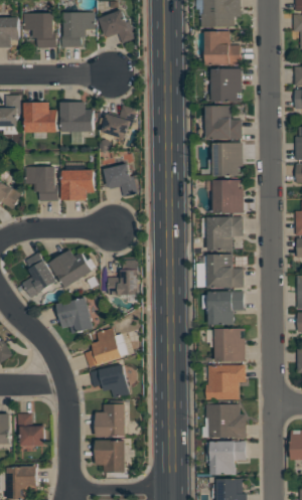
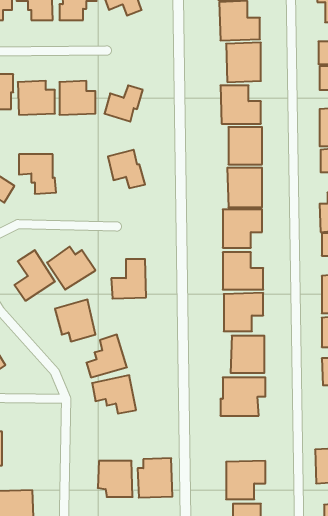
building: [62,170,95,200] -> none
building: [96,403,127,439] -> [138,458,172,498]
building: [205,404,247,439] -> none
building: [16,414,45,445] -> none

